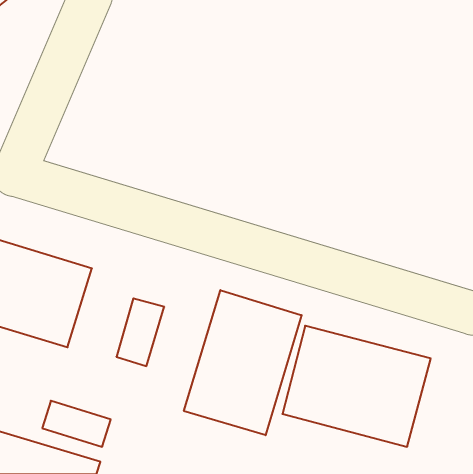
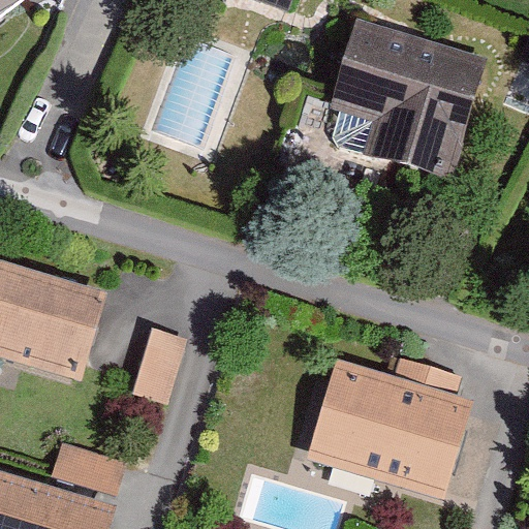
building: none -> [331,24,484,170]
building: [184,290,302,435] -> none

